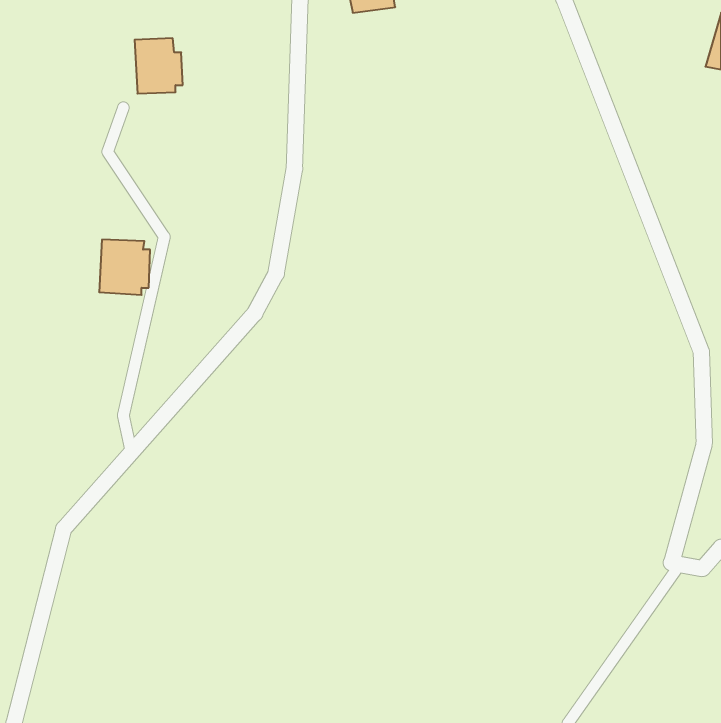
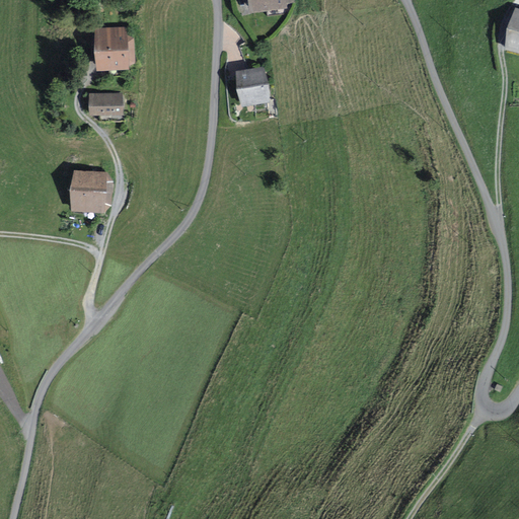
building: none -> [235,68,268,107]
building: none -> [89,93,121,114]

